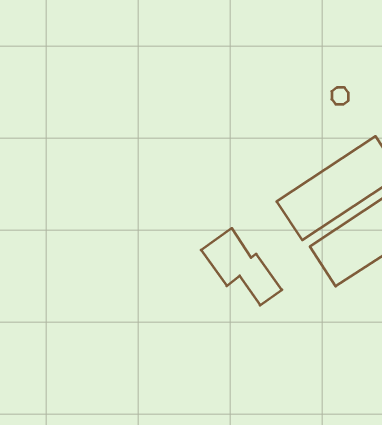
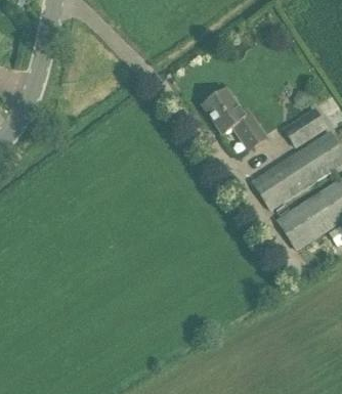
building: none -> [283,110,327,149]
building: [201,228,282,305] -> [203,88,267,149]

